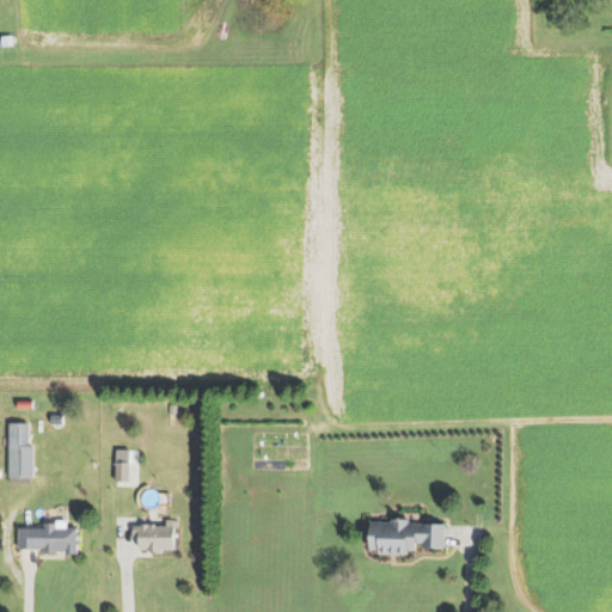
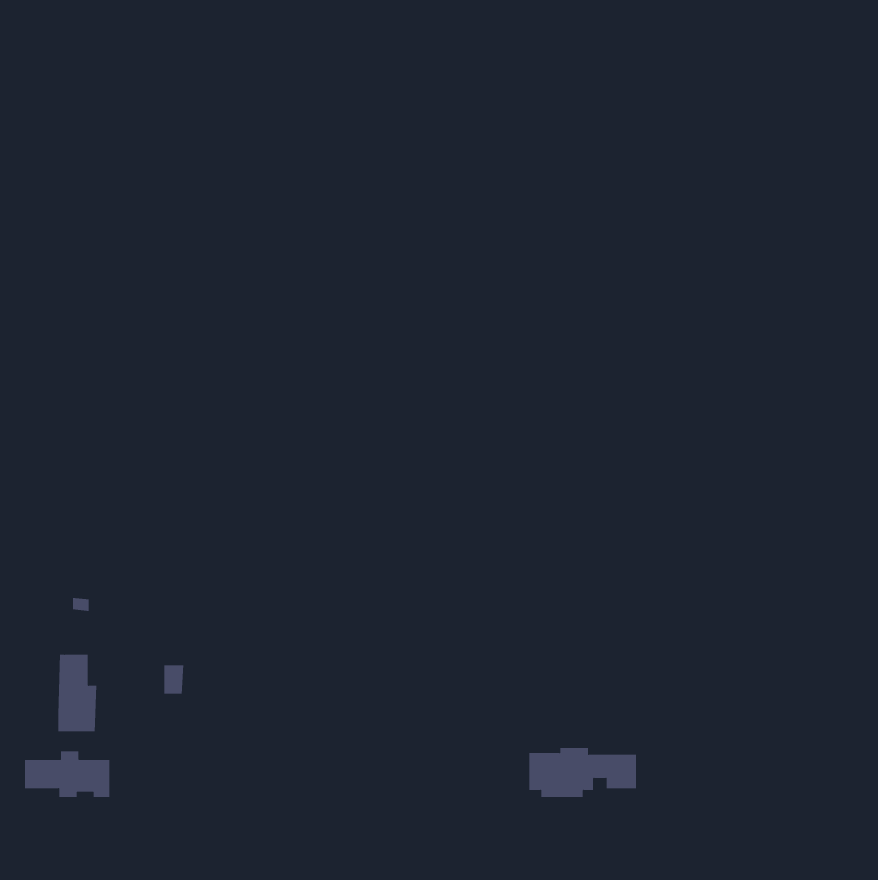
building: [7,423,35,477] -> [58,654,97,732]
building: [133,519,175,555] -> none

